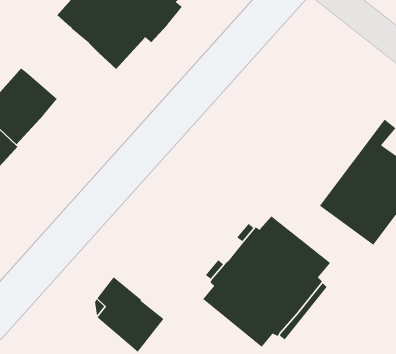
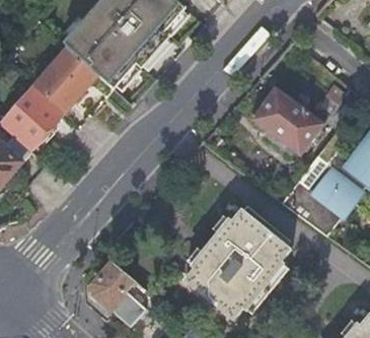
building: none -> [39,52,97,112]
building: none -> [252,86,324,154]

